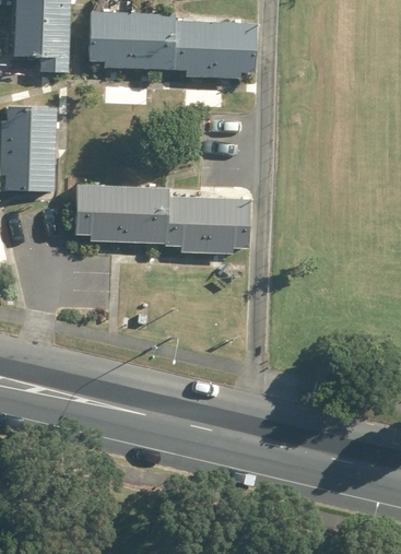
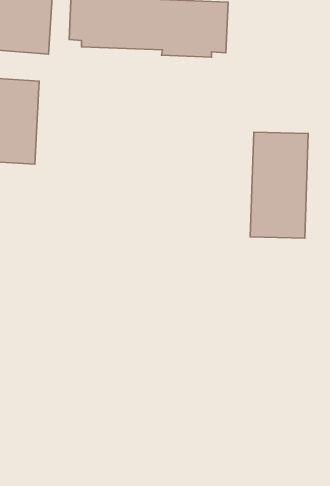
building: none -> [250,132,308,238]
building: [74,184,251,255] -> none

